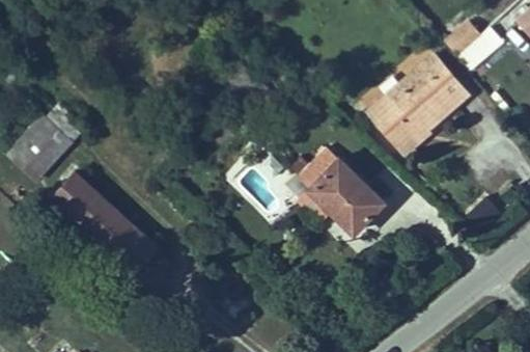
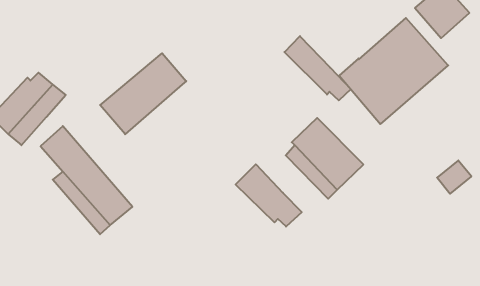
building: none -> [284,36,351,100]
building: none -> [100,53,186,134]
building: none -> [236,164,302,227]

